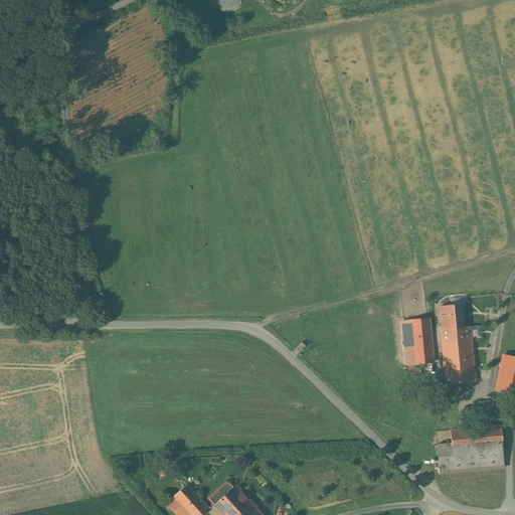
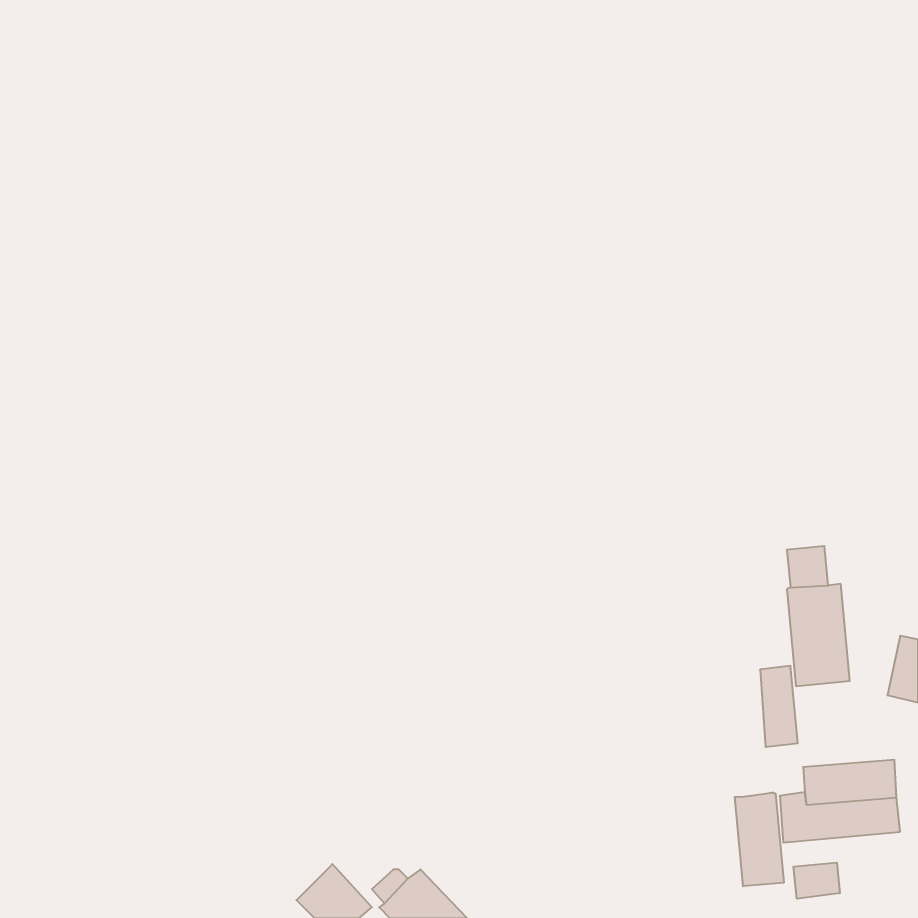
building: [411,319,433,364] -> [760,666,798,747]
building: none -> [735,792,784,886]
building: none -> [794,863,840,899]

